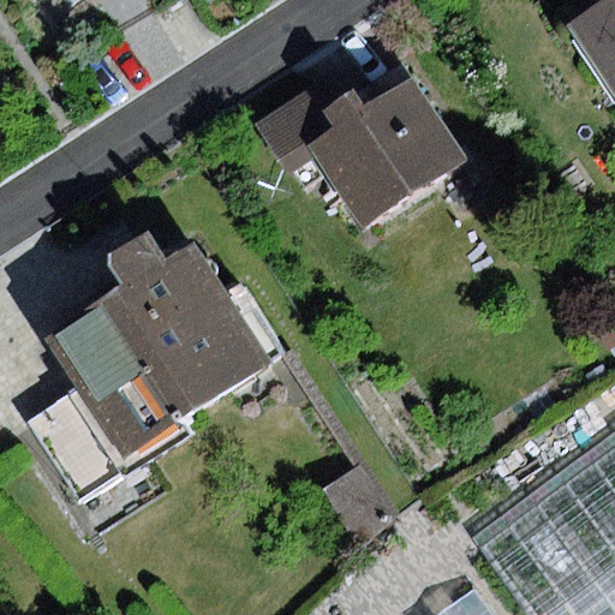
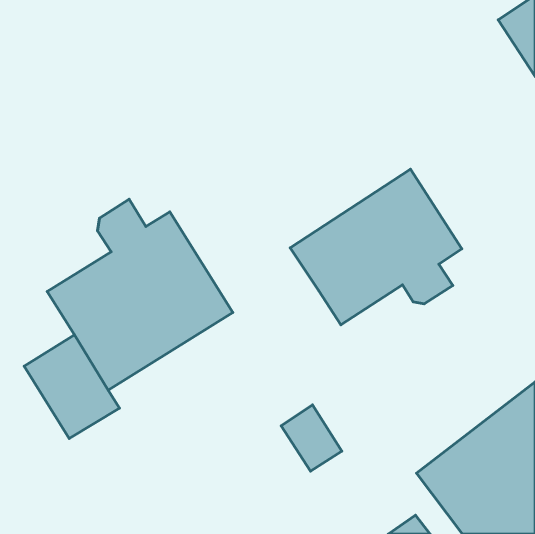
building: [259,56,470,231] -> none
building: none -> [290,169,462,325]

